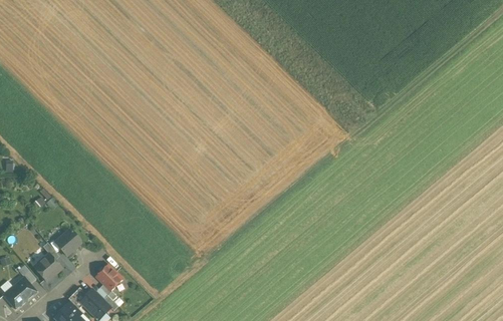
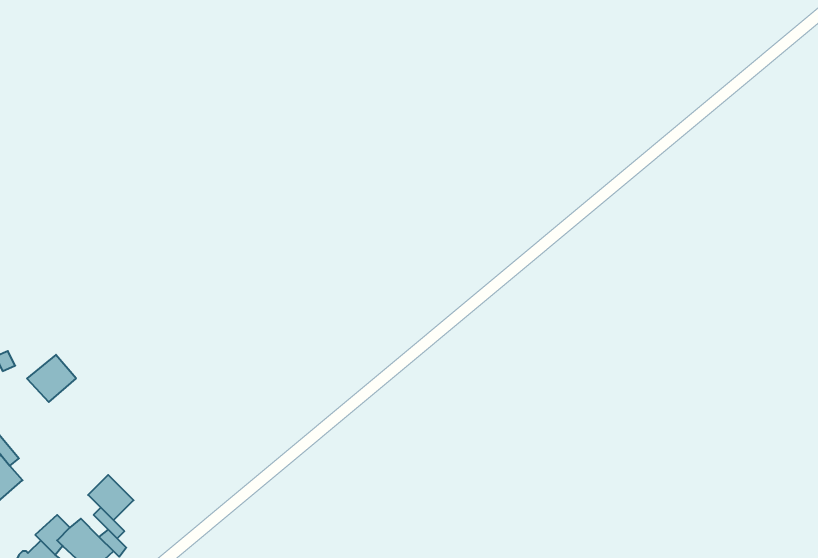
building: [54,229,81,255] -> [27,355,76,402]

